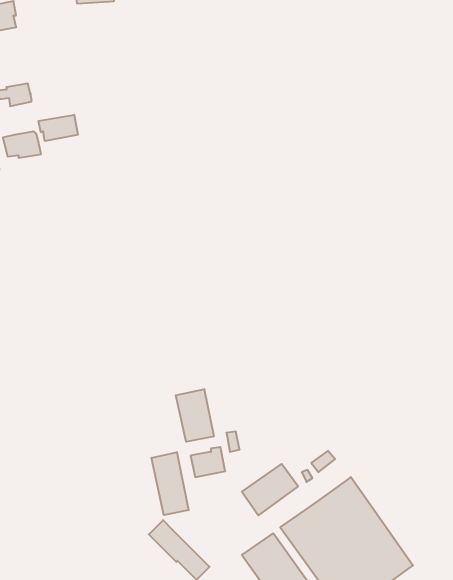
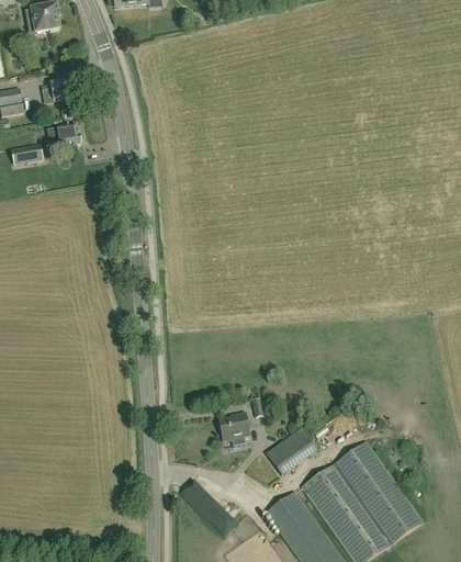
building: [39,115,78,141] -> none
building: [176,389,214,442] -> none
building: [152,452,189,515] -> none

